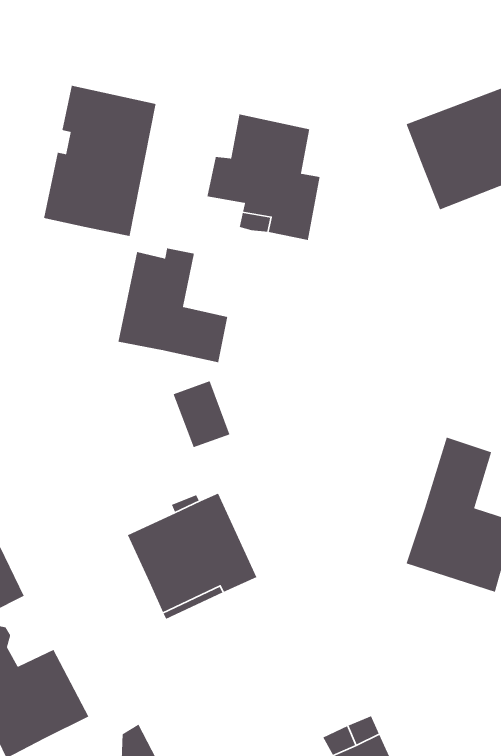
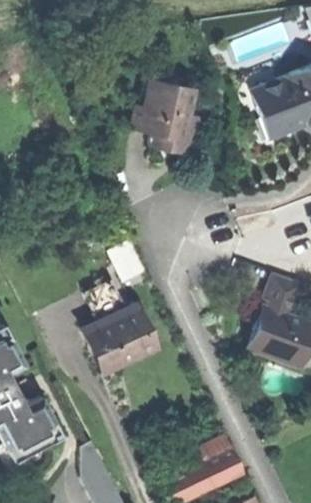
building: [43,85,156,237] -> none
building: [118,248,228,363] -> none

